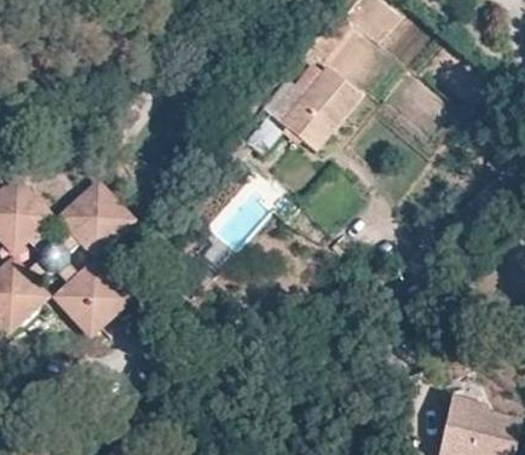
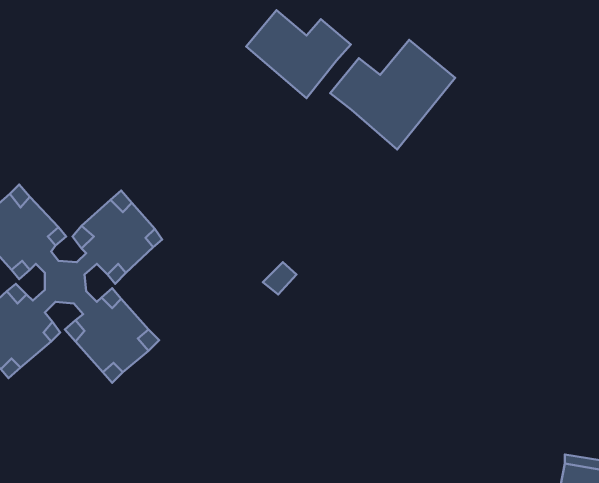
building: none -> [246,10,351,98]

